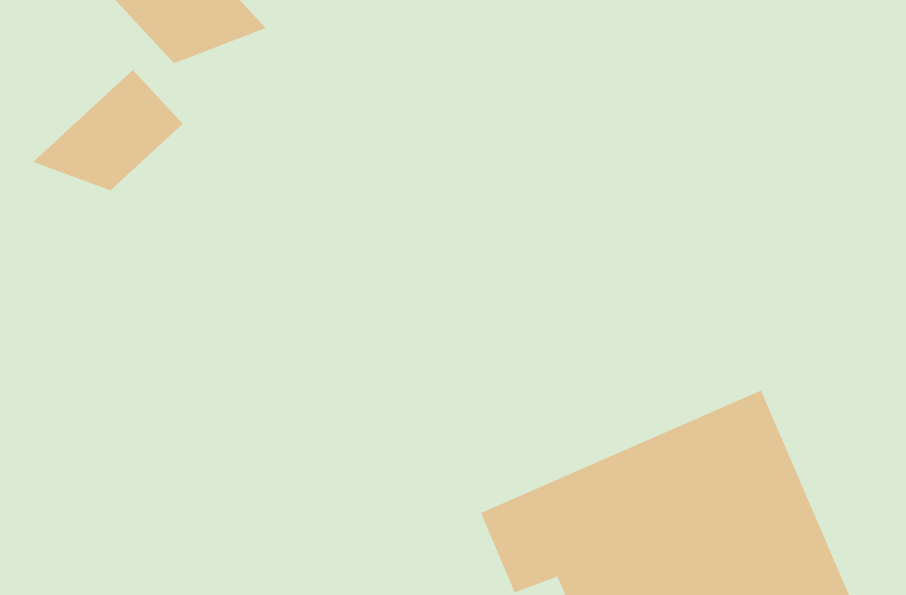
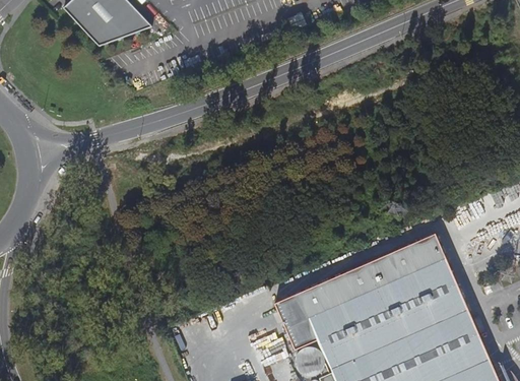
building: [32,69,184,191] -> none

